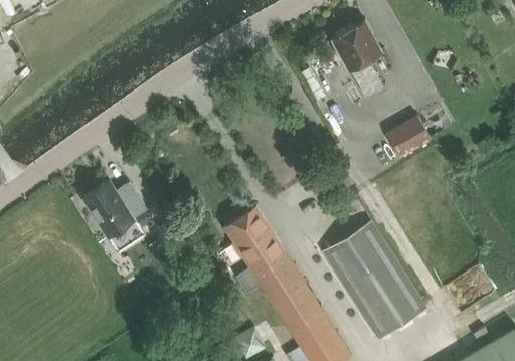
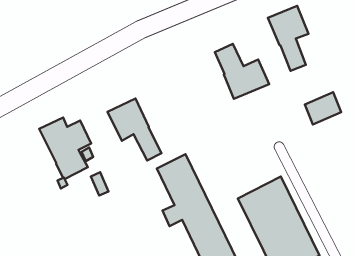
building: none -> [215,44,269,99]
building: none -> [108,99,161,161]

